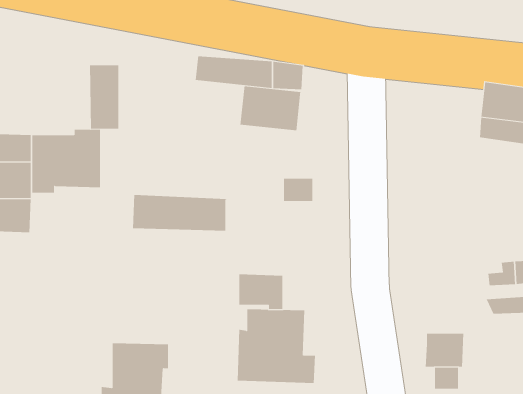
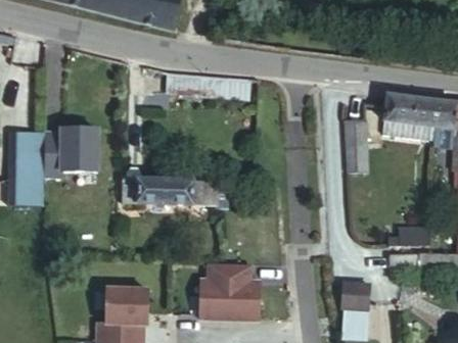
building: [89,65,119,129] -> none
building: [240,86,301,131] -> none
building: none -> [345,118,366,169]
building: [238,274,283,309] -> [191,181,225,207]

